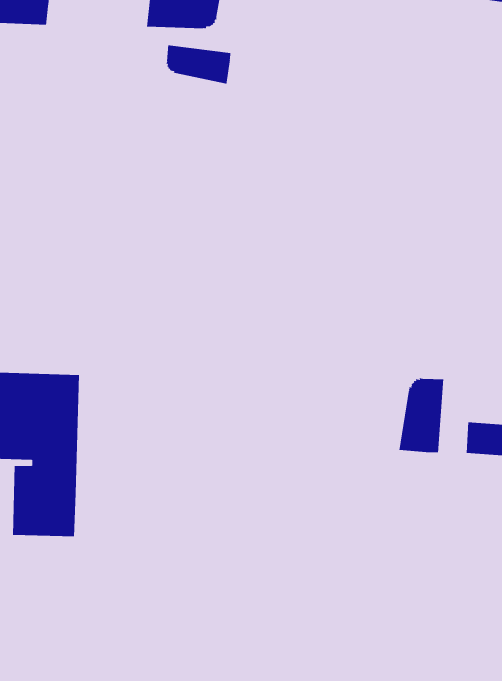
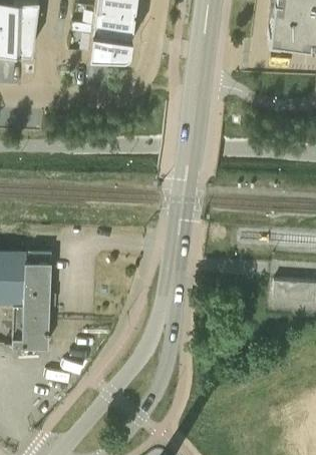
building: [166,44,231,85] -> none
building: [399,378,444,453] -> none

